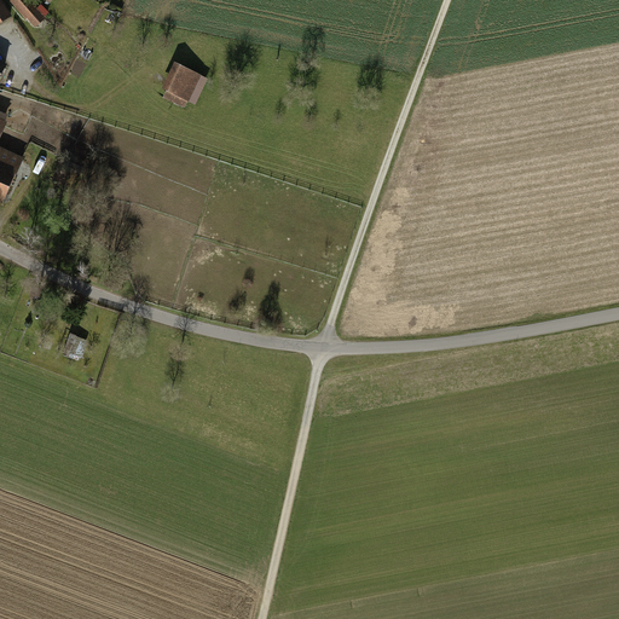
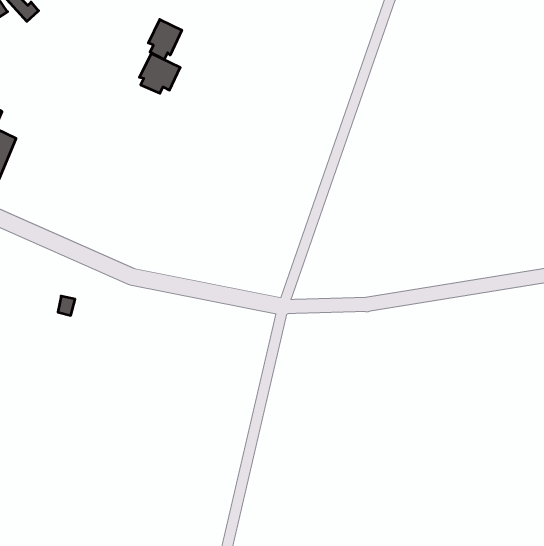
building: none -> [148,19,182,60]

